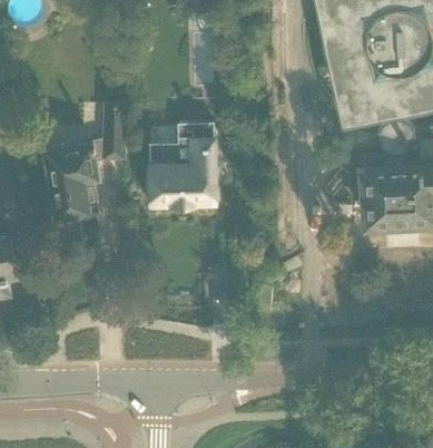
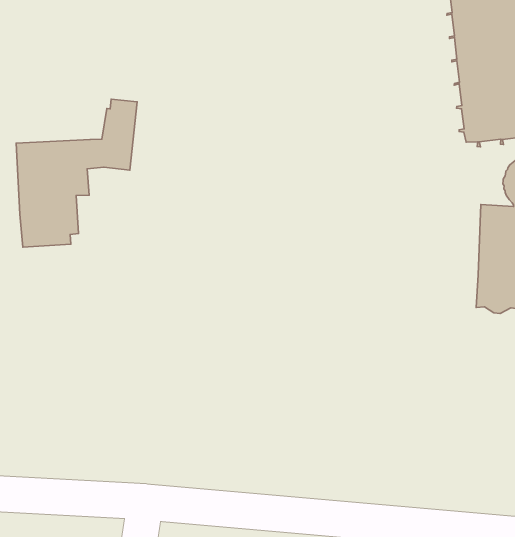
building: [142,125,211,213] -> none

